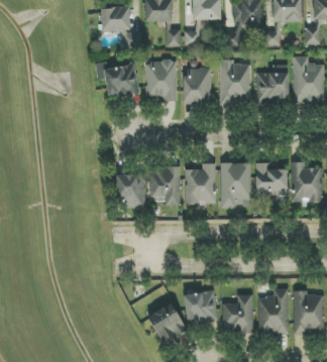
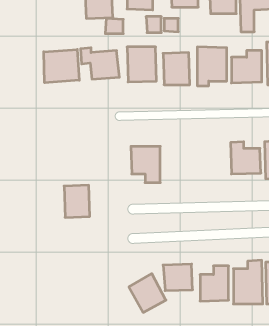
building: none -> [44,49,79,83]
building: [220,162,251,208] -> none
building: [185,163,216,204] -> none
building: [118,174,145,209] -> [64,185,90,217]

